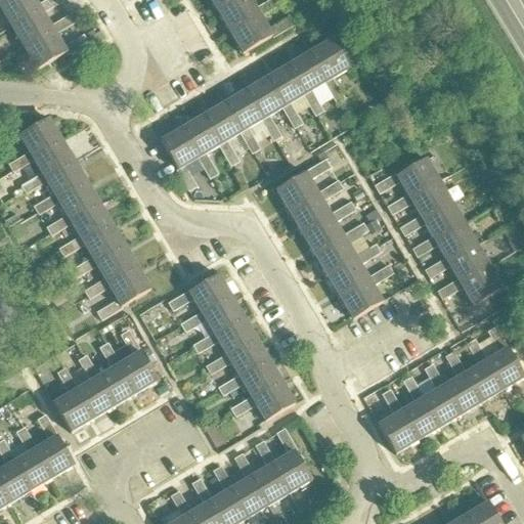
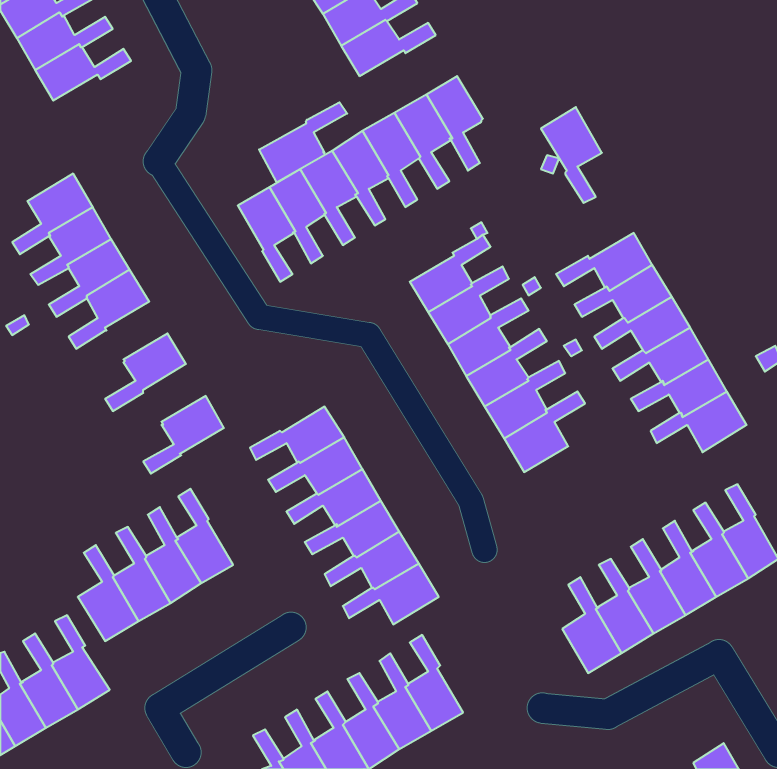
building: [308,37,349,101] -> [541,107,602,203]
building: none -> [259,102,347,182]
building: [59,203,114,255] -> none
building: [85,245,139,298] -> none

